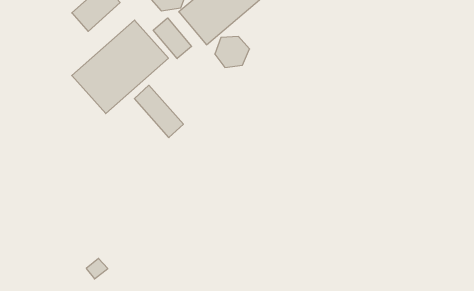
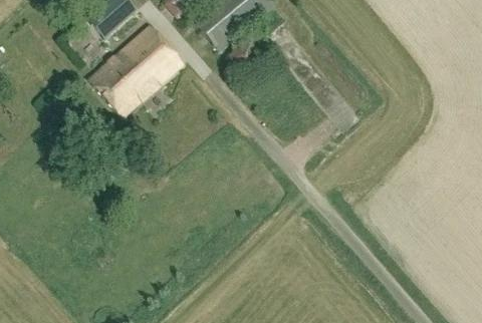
building: [153,18,192,59] -> none
building: [134,85,183,138] -> none

